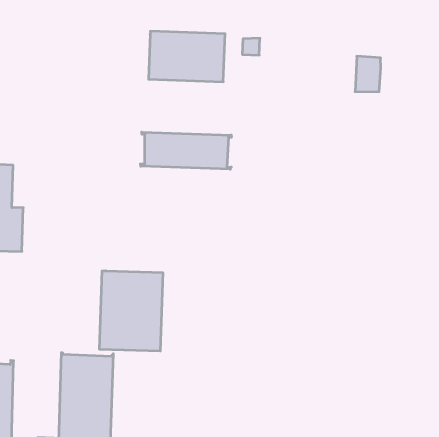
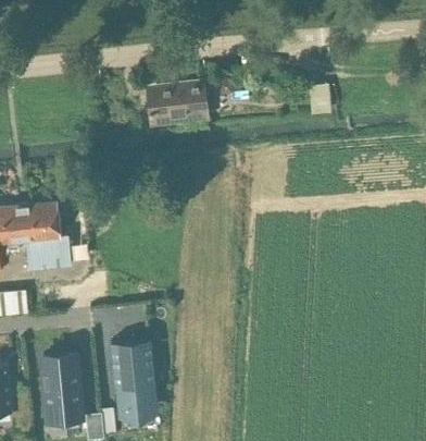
building: [140,132,231,169] -> none
building: [100,271,163,351] -> none

